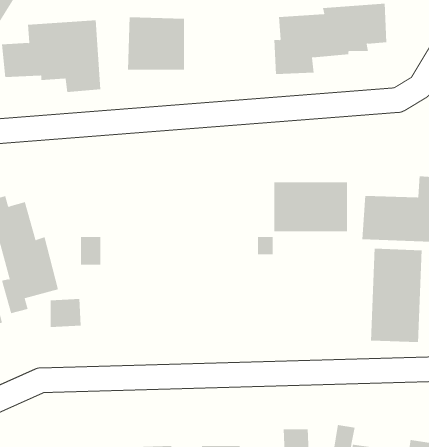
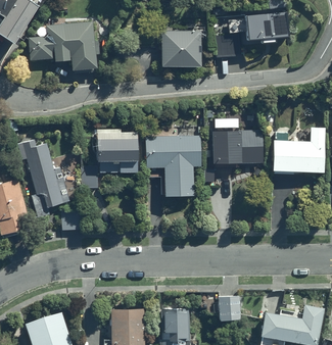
building: [127,17,185,70] -> [161,32,200,67]
building: none -> [95,131,137,171]
building: none -> [144,135,201,197]
building: [371,248,422,343] -> none

